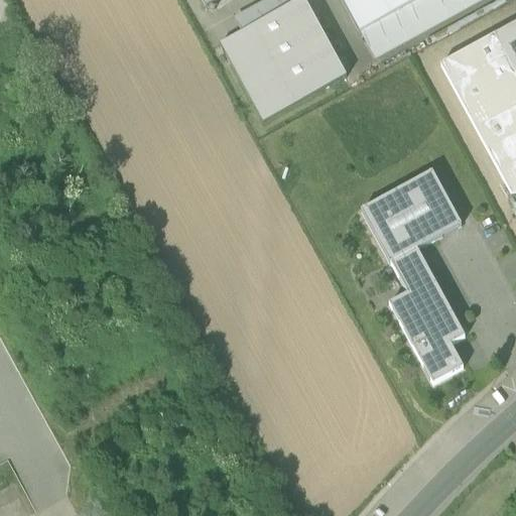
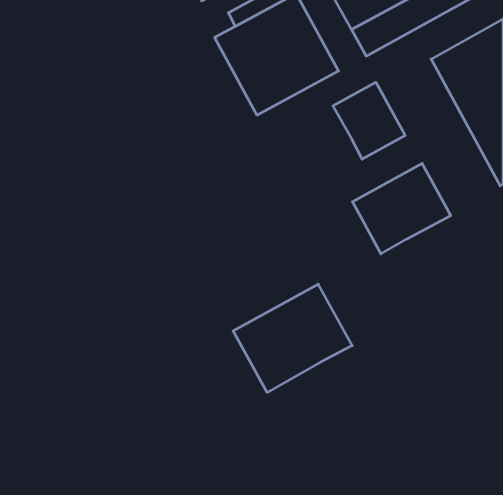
building: none -> [333,82,405,159]
building: [389,245,465,380] -> none
building: none -> [233,284,352,392]

